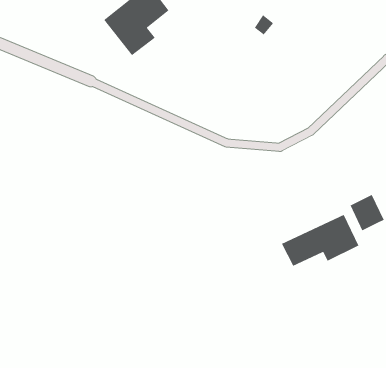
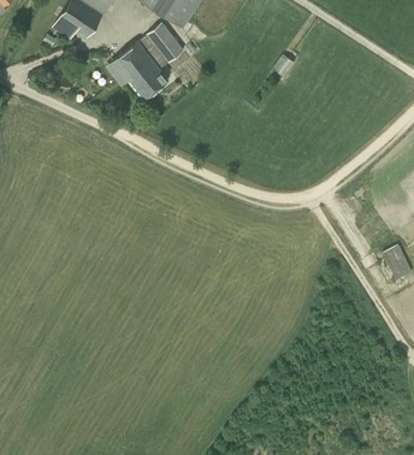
building: [281,214,360,267] -> none

